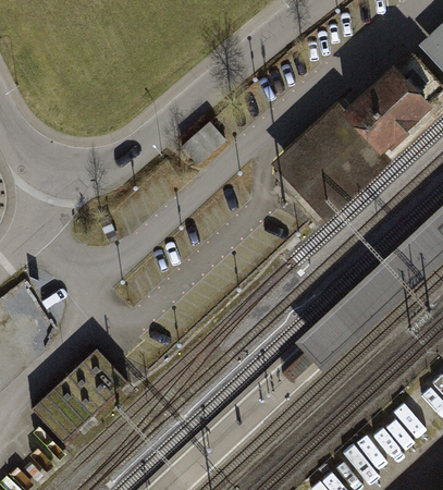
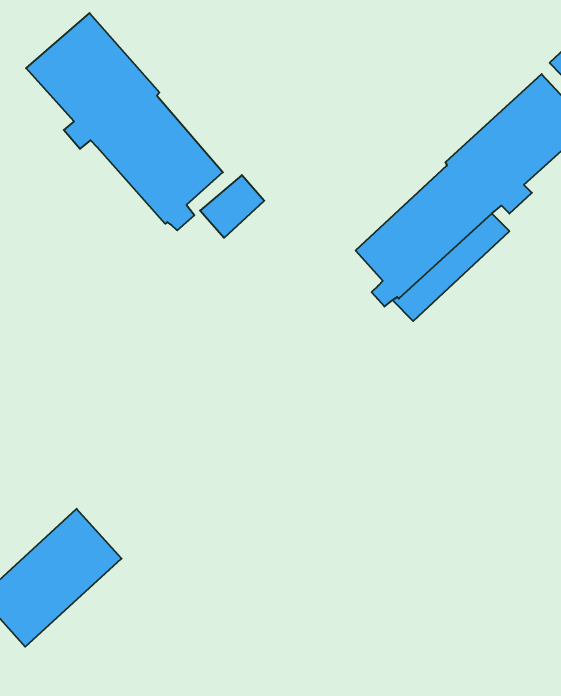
building: none -> [26,13,223,230]
building: [272,102,349,197] -> none

